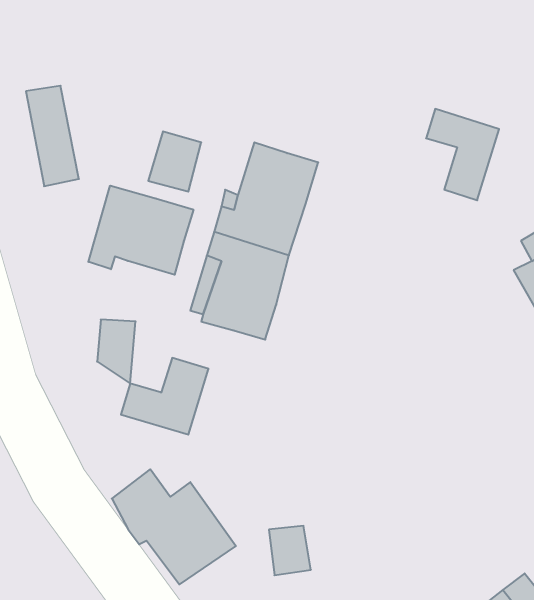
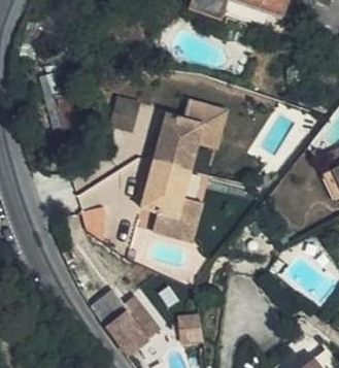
building: [426,109,499,200] -> [191,94,232,145]
building: [88,186,193,275] -> none
building: [121,358,209,435] -> [156,196,205,239]

